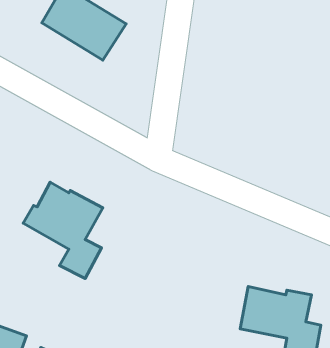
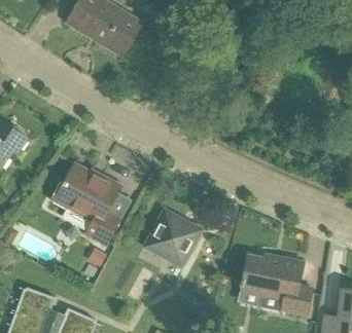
building: none -> [144,209,203,266]

